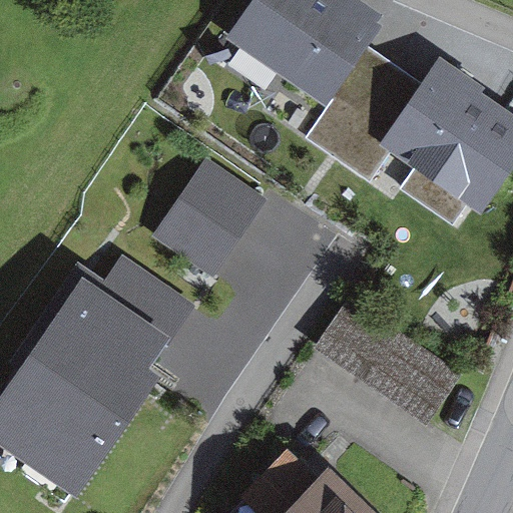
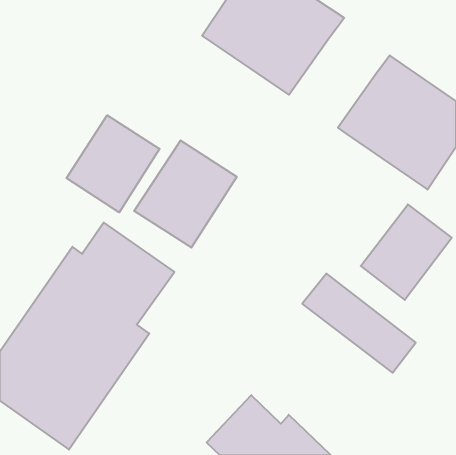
building: [304,44,422,178] -> none
building: none -> [67,115,160,212]
building: none -> [361,204,452,300]

